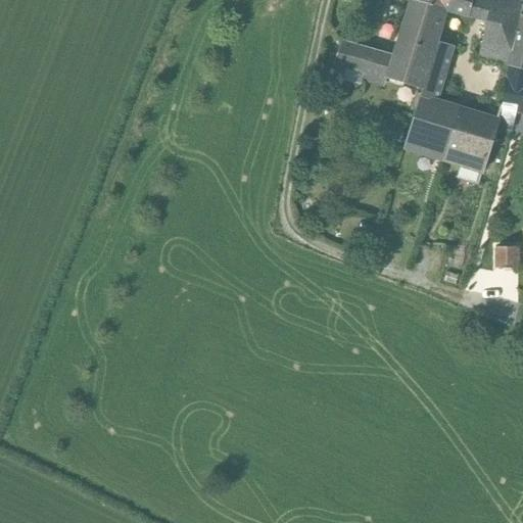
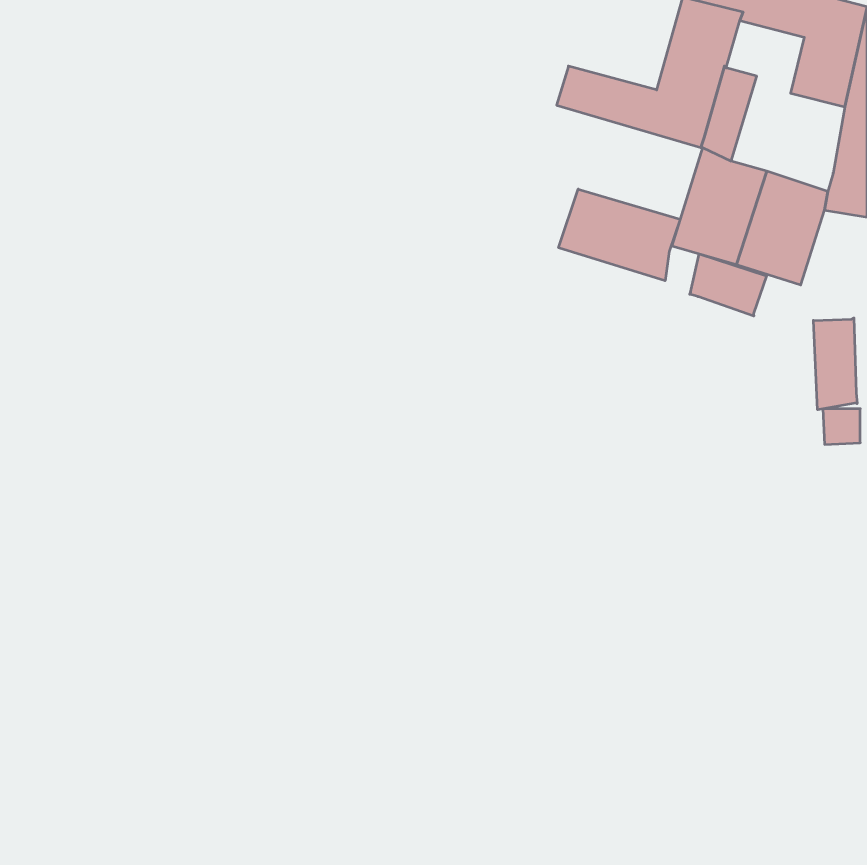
building: none -> [559,189,680,281]
building: none -> [690,254,766,316]
building: none -> [813,318,857,410]

